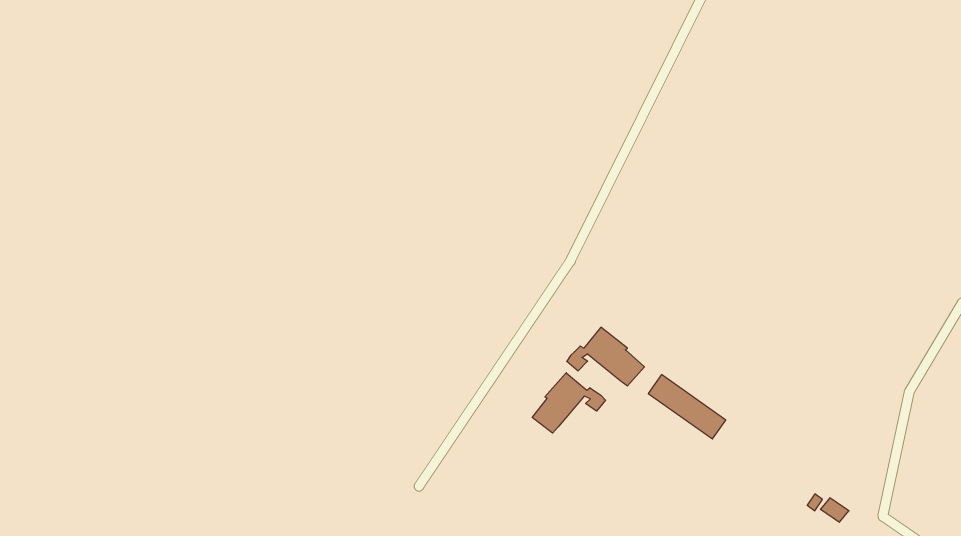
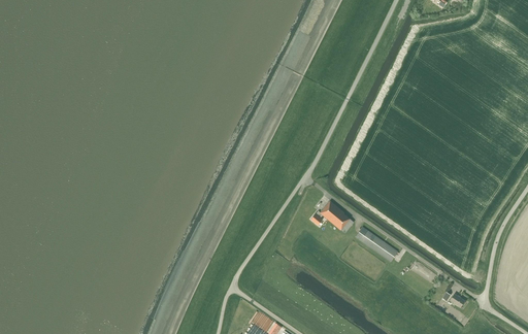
building: [532,373,606,433] -> none

